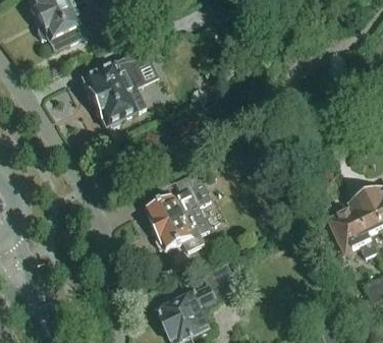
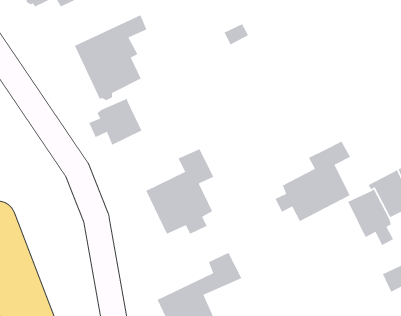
building: none -> [88,98,143,146]
building: none -> [275,141,351,222]

